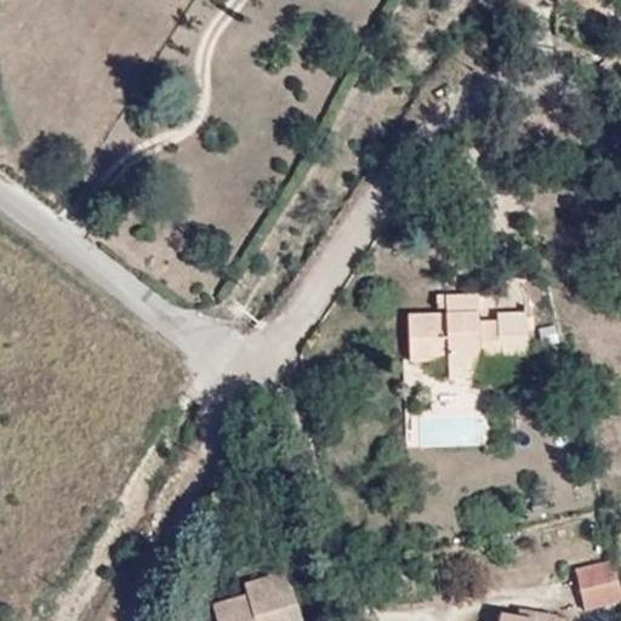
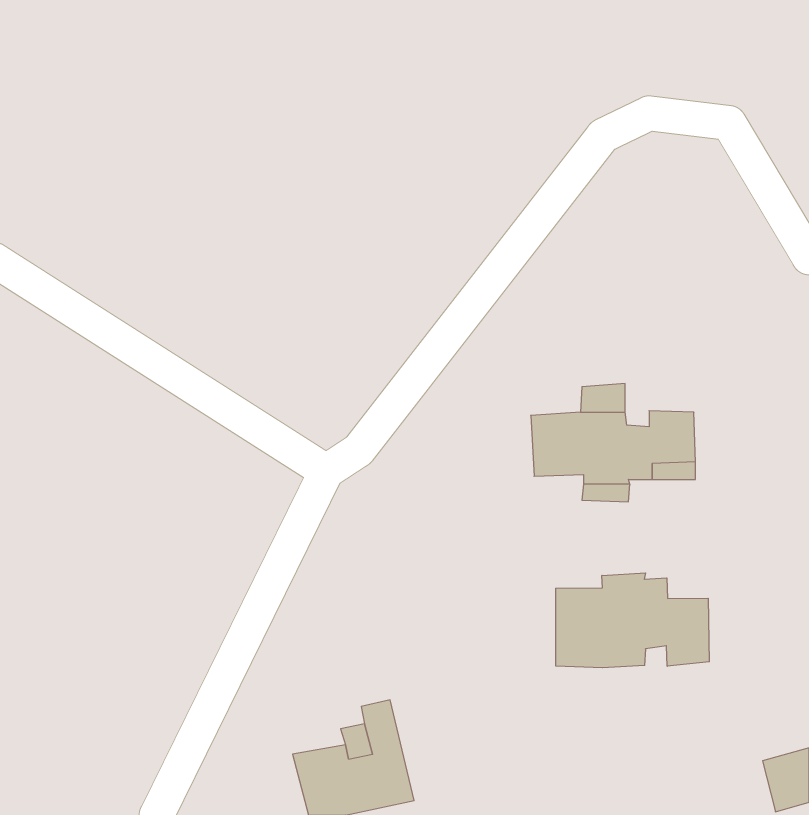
building: none -> [556,573,709,668]

